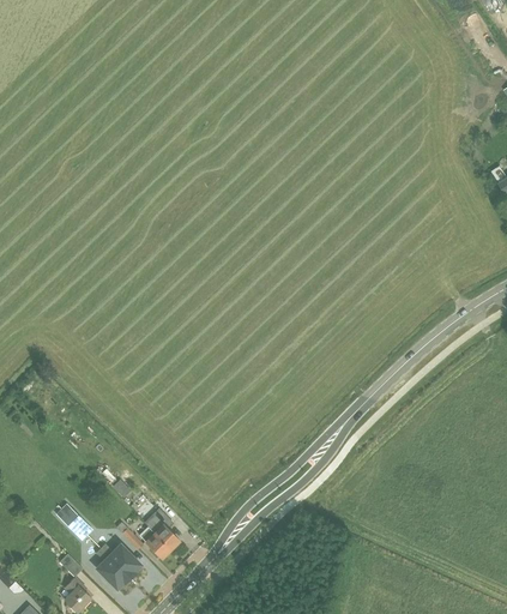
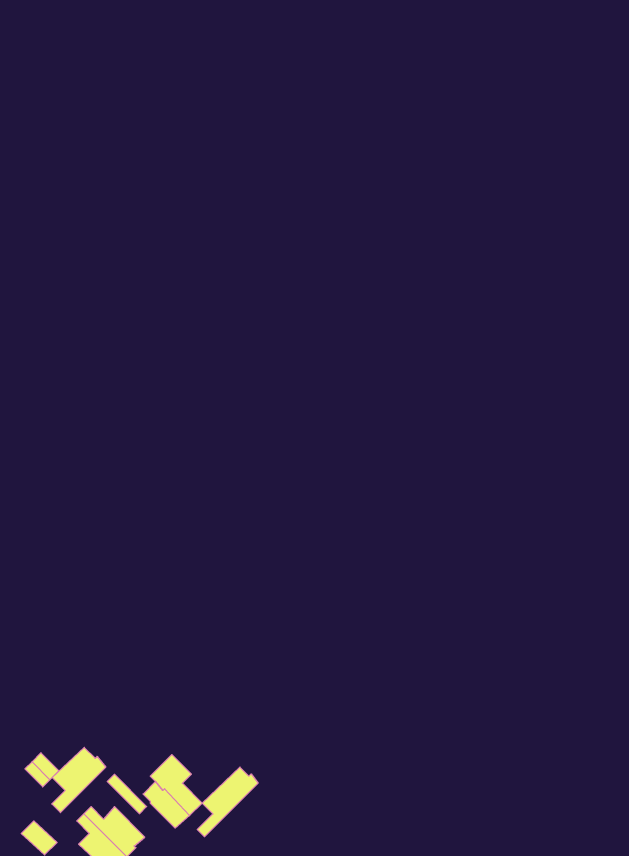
building: none -> [52,747,106,813]
building: none -> [197,767,258,837]

